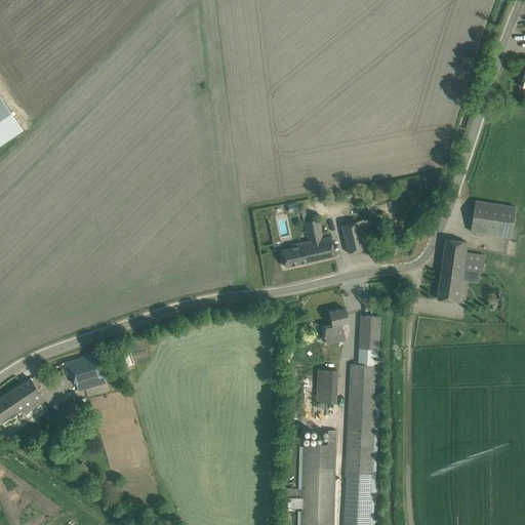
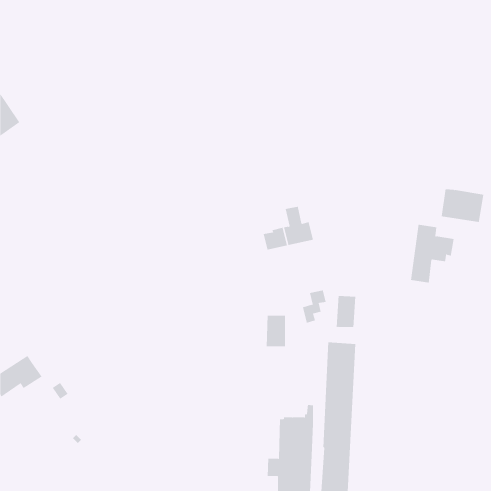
building: [340,218,375,253] -> none
building: [63,354,106,392] -> none
building: [315,370,336,404] -> [266,315,286,347]

